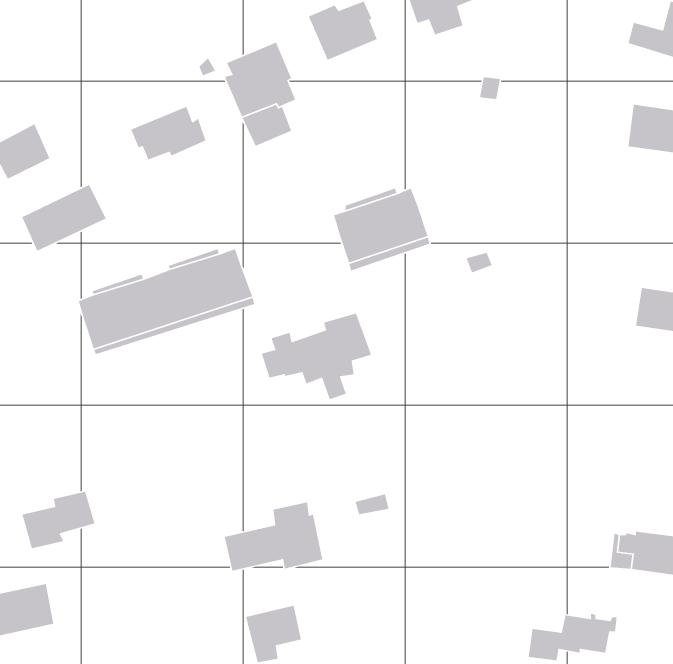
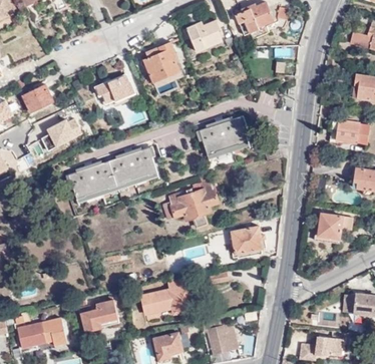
building: none -> [329,118,360,144]
building: none -> [317,214,351,239]
building: none -> [230,227,263,255]
building: [22,491,96,549] -> [79,301,117,331]
building: none -> [206,314,237,353]

